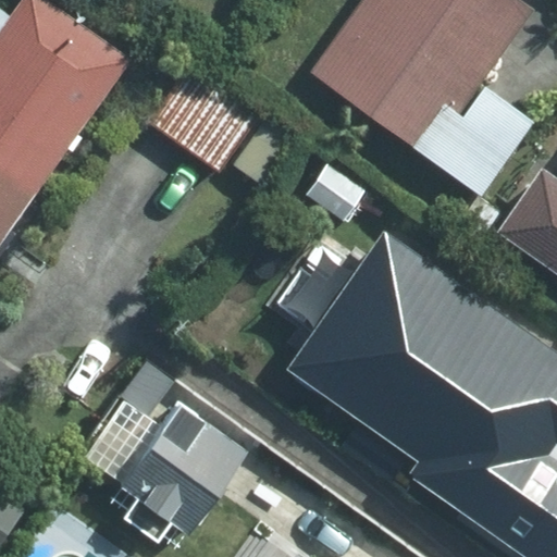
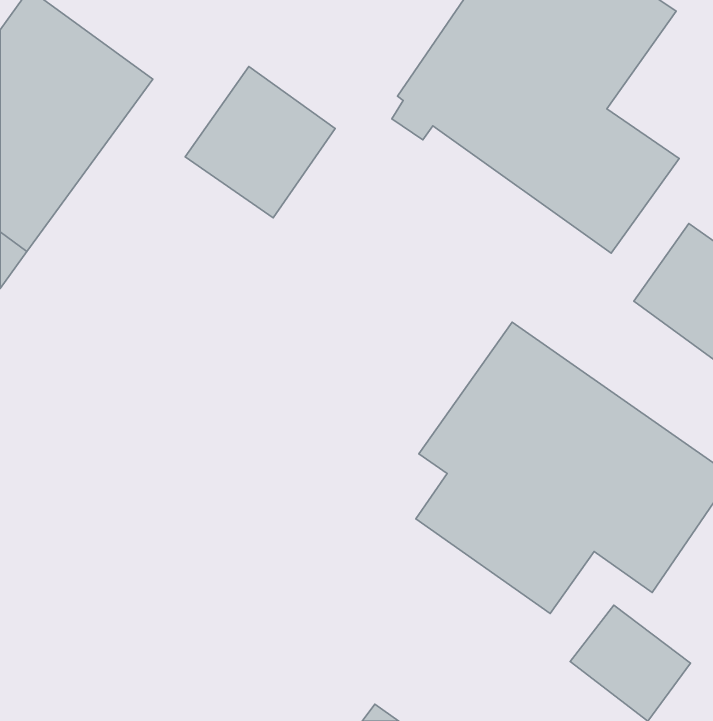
building: [121,386,246,522] -> none

